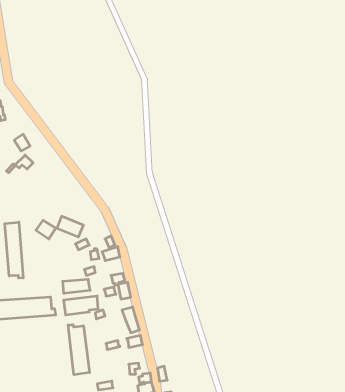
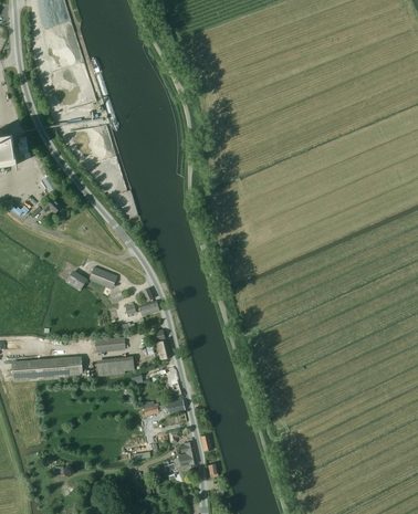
building: [5,222,23,278] -> none
building: [68,325,90,375] -> none

